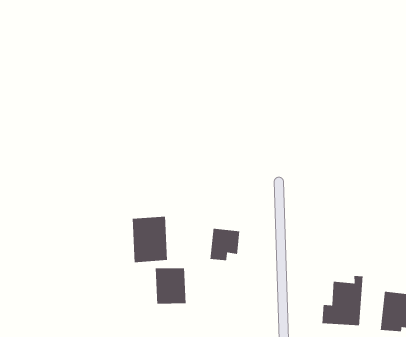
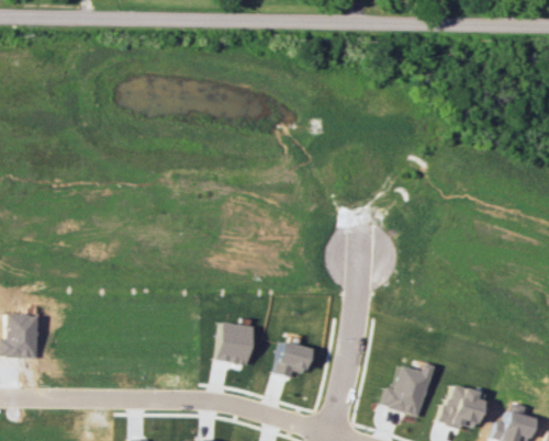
building: [132,216,168,263] -> none
building: [209,228,240,261] -> [276,340,312,376]

